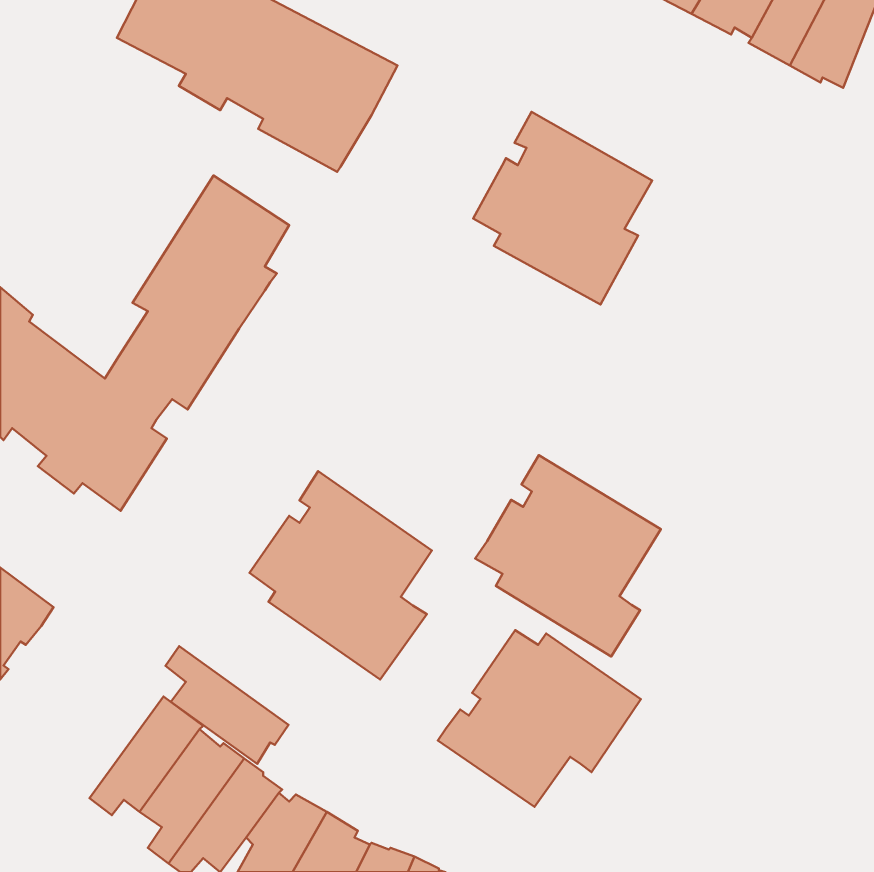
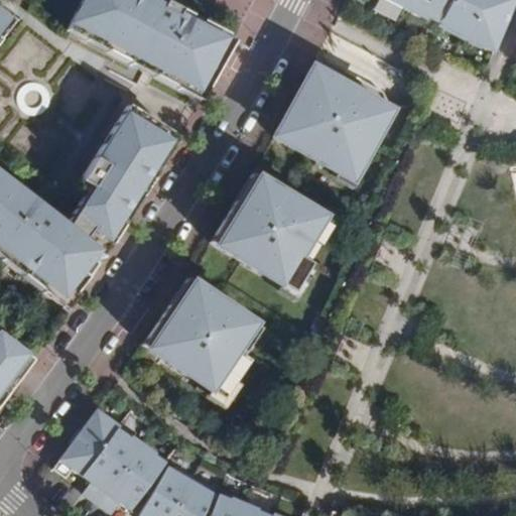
building: [475,455,661,656] -> [216,172,325,290]
building: [438,630,641,807] -> none
building: [166,646,288,764] -> none

